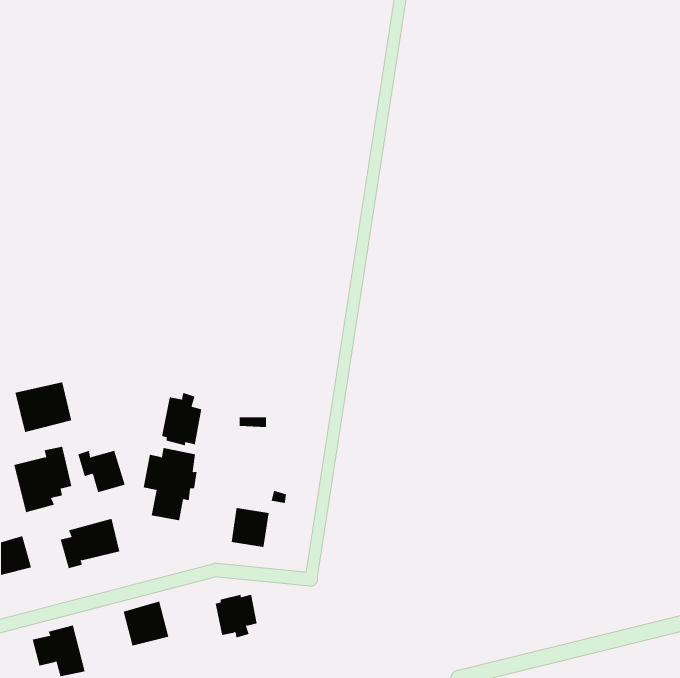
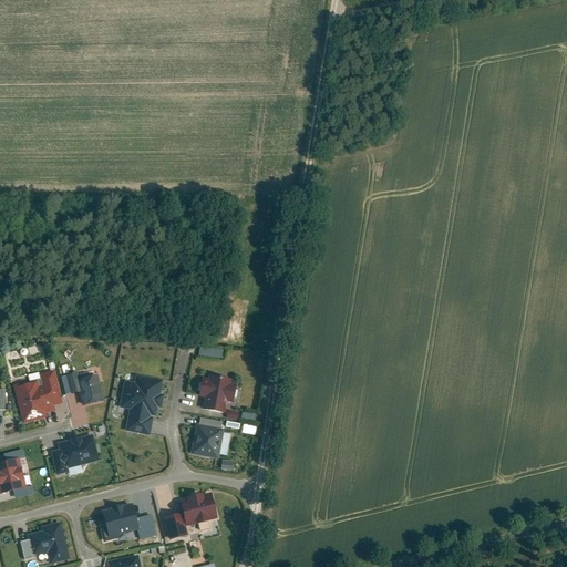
building: [15,381,72,433] -> none
building: [161,392,202,446] -> none
building: none -> [198,375,235,413]

